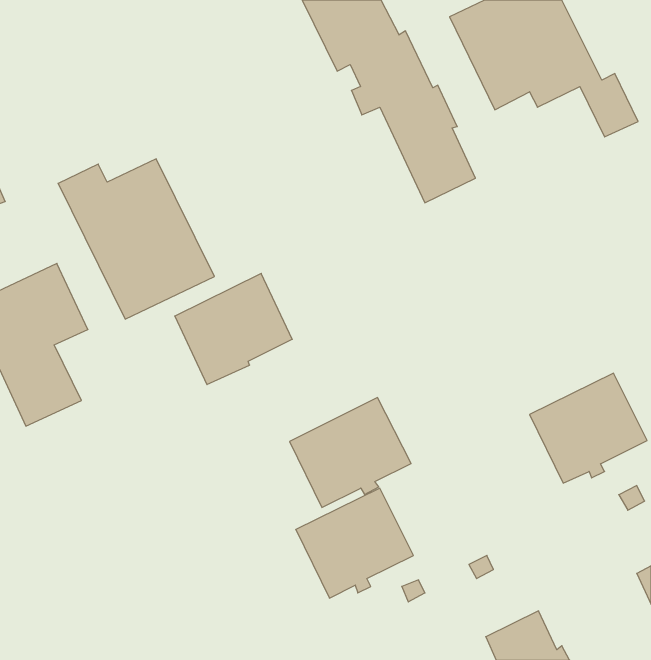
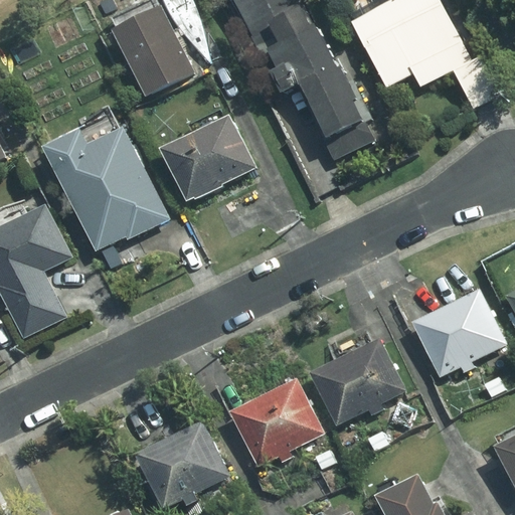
building: none -> [114,6,193,95]
building: [175,273,292,385] -> [161,116,252,202]
building: [290,398,411,507] -> [310,339,404,424]
building: none -> [138,423,229,509]

